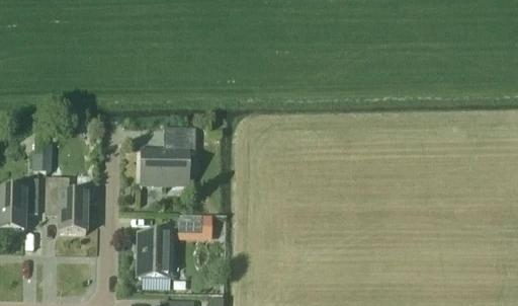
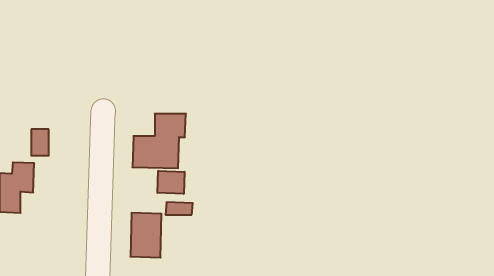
building: [45,177,86,233] -> none
building: none -> [157,171,185,194]

